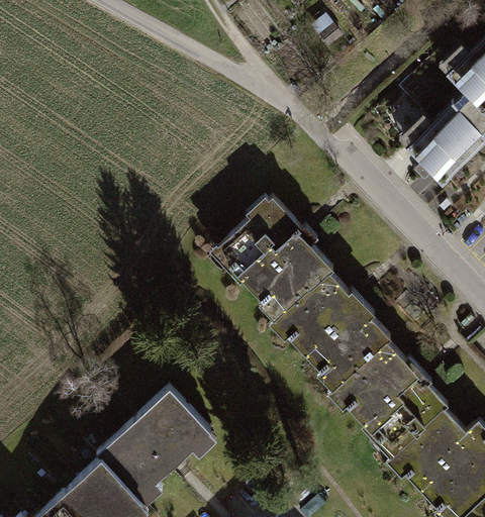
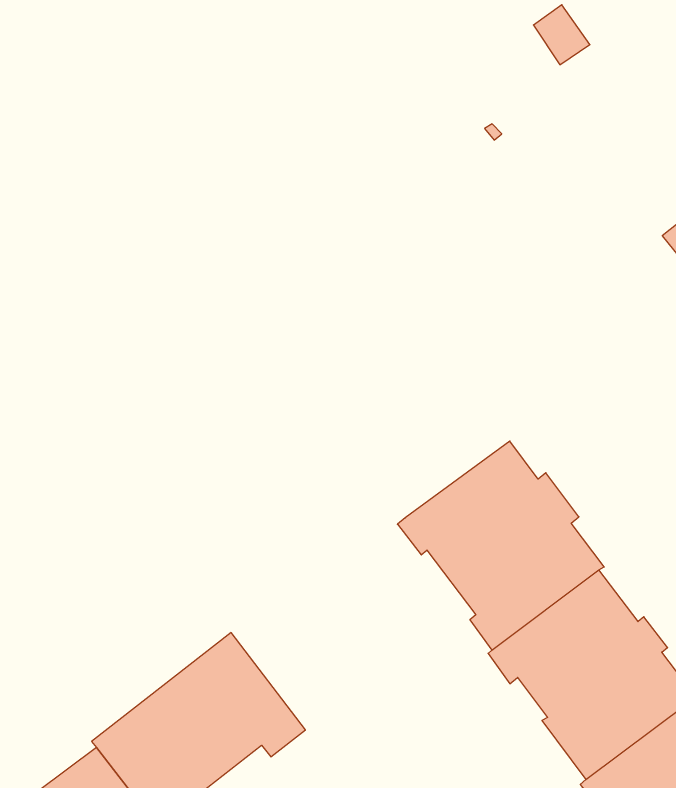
building: [204,189,326,313] -> none

